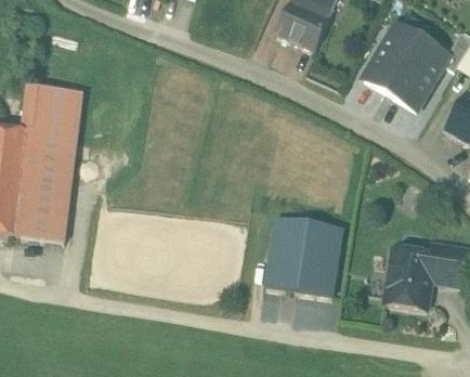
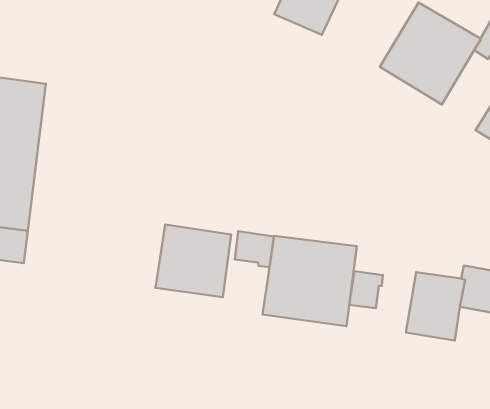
building: none -> [156,224,231,297]
building: none -> [235,231,274,267]
building: none -> [349,271,383,308]

